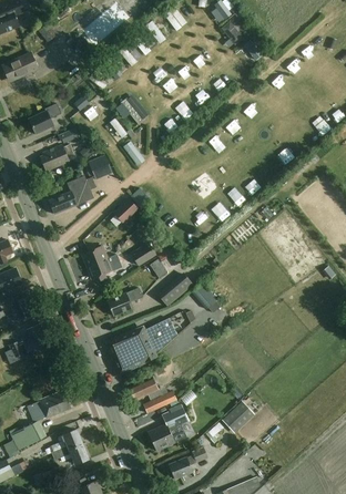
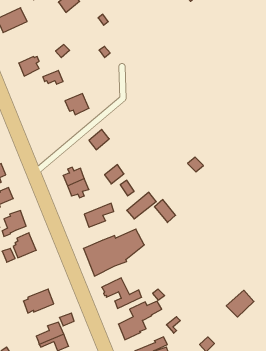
building: [40,144,74,171] -> none
building: [48,175,95,214] -> none
building: [221,401,254,433] -> [226,290,254,317]
building: [10,421,45,451] -> none

